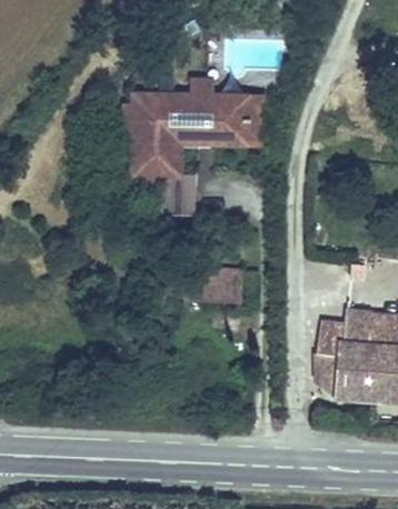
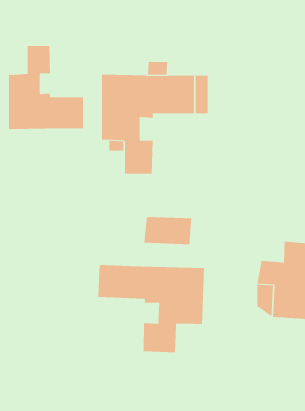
building: none -> [9,45,84,130]
building: none -> [98,264,205,353]

